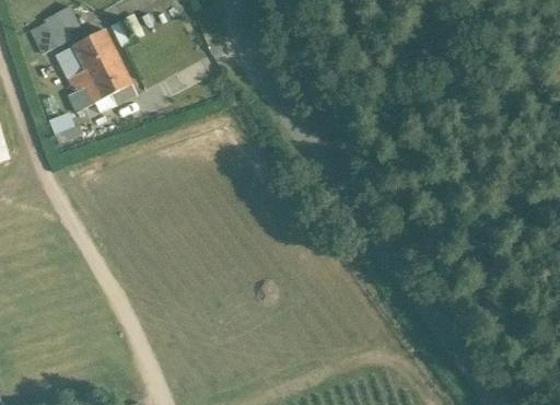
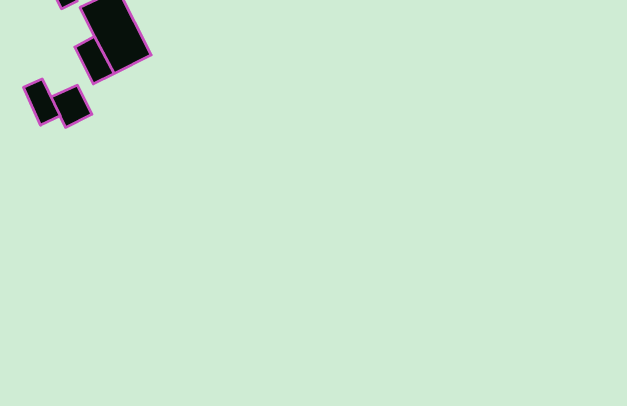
building: none -> [24,79,60,125]

